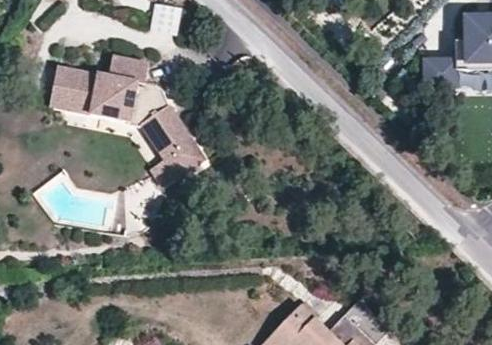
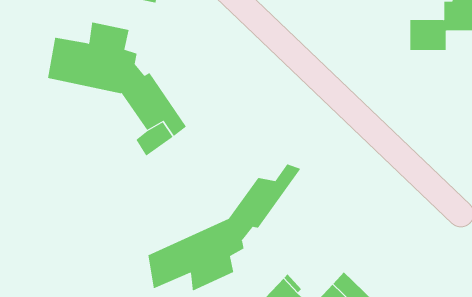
building: [50,67,78,111] -> none
building: none -> [148,163,301,292]

